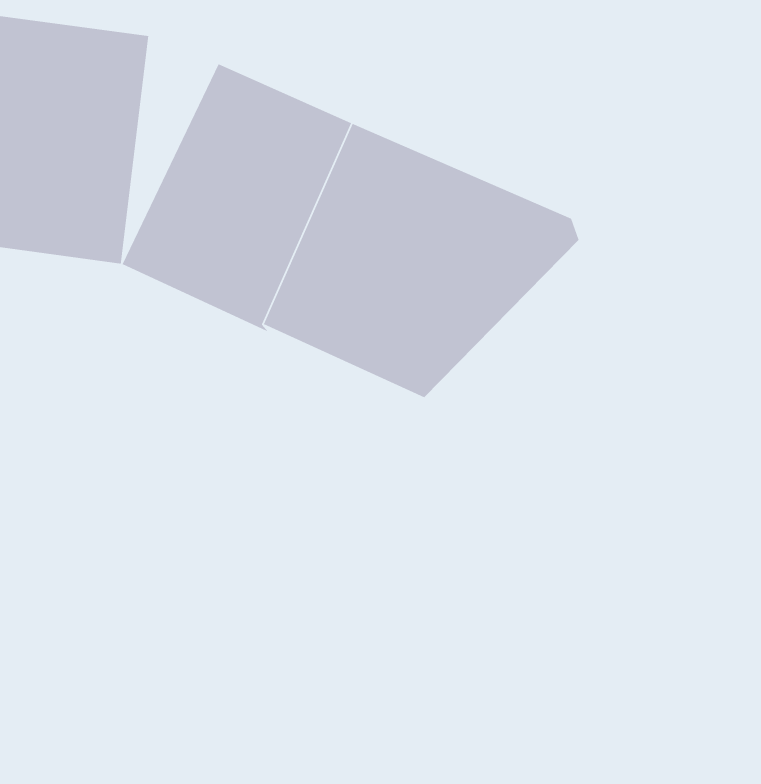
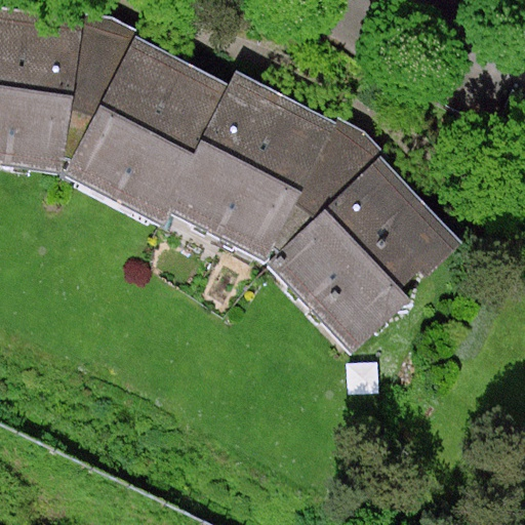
building: none -> [81,25,146,177]
building: none -> [283,161,478,356]

